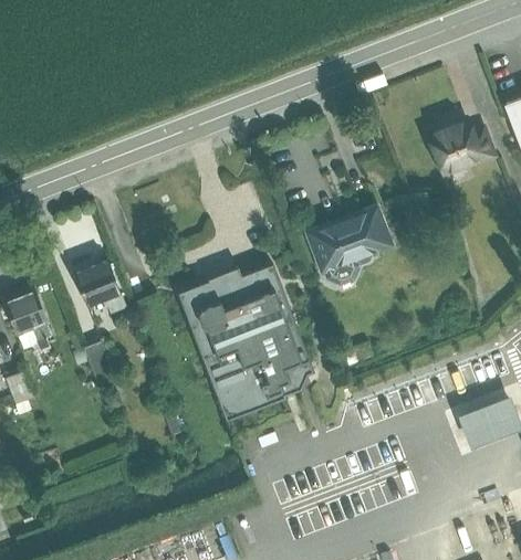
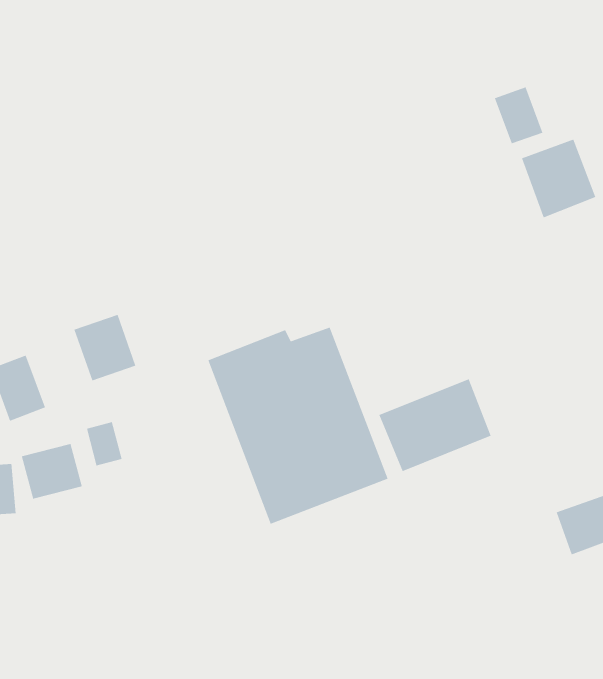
building: none -> [494,87,543,144]
building: [304,204,394,278] -> [379,379,492,472]
building: none -> [21,443,82,500]

